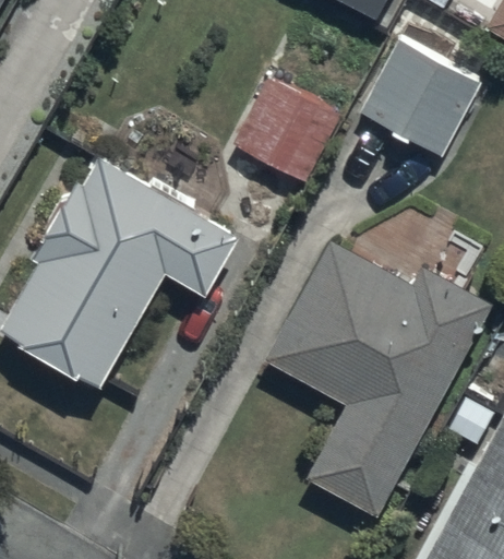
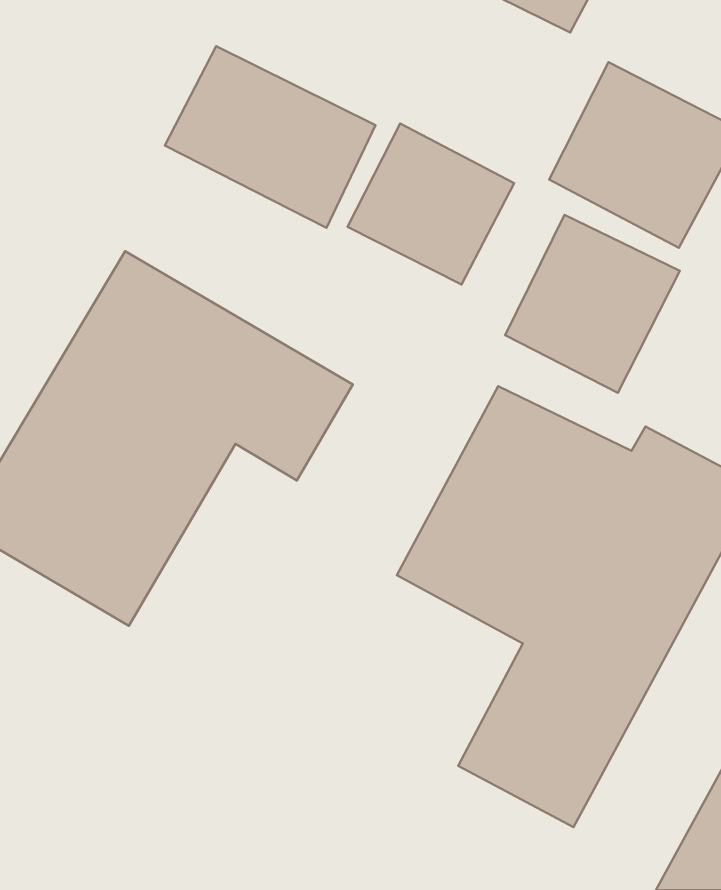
building: none -> [165,46,375,228]
building: none -> [505,215,680,393]

